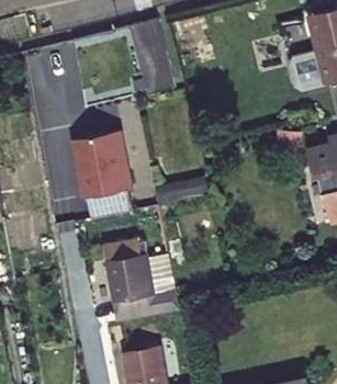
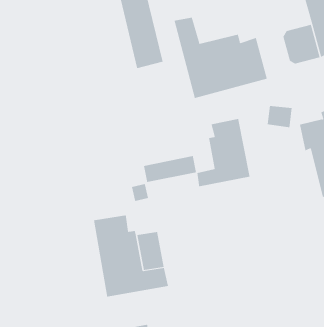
building: none -> [174,17,267,99]
building: [71,131,132,218] -> none
building: none -> [197,118,250,187]

